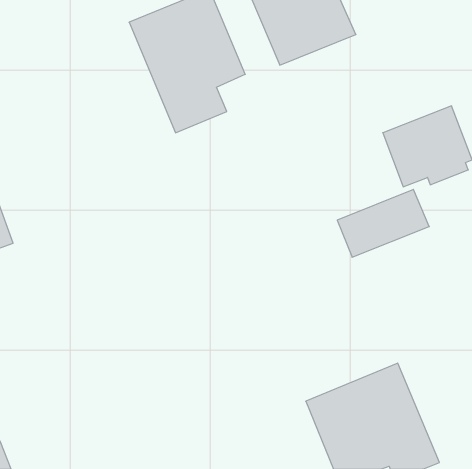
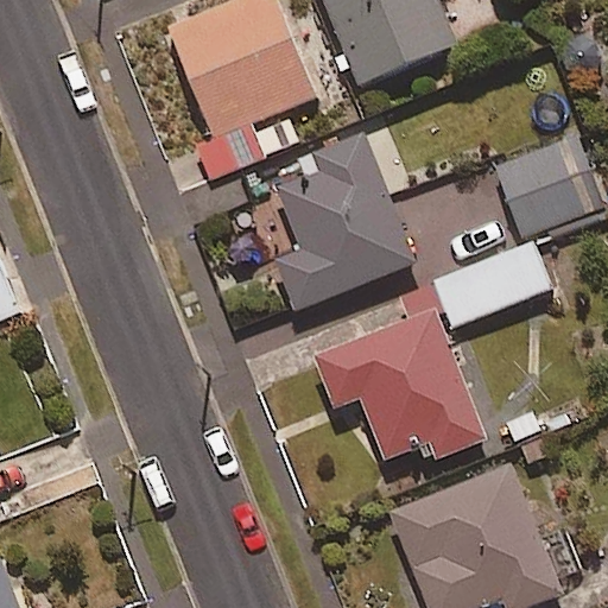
building: none -> [268,135,413,300]
building: none -> [315,312,484,461]

